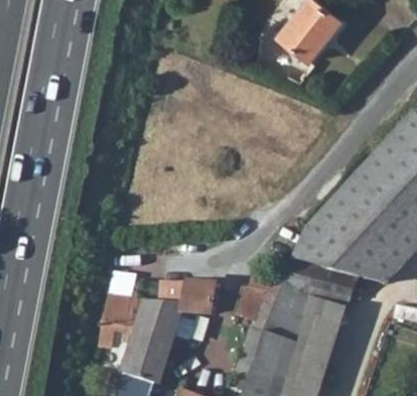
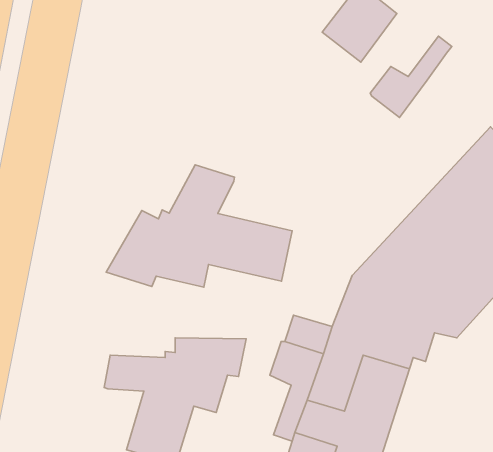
building: none -> [370,36,452,118]
building: none -> [106,165,292,287]

